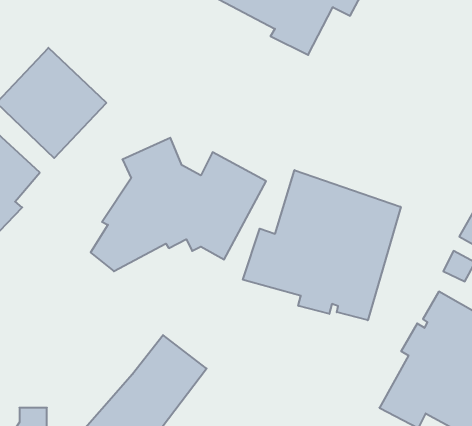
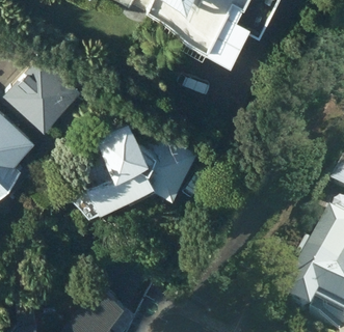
building: [243,170,401,320] -> none

